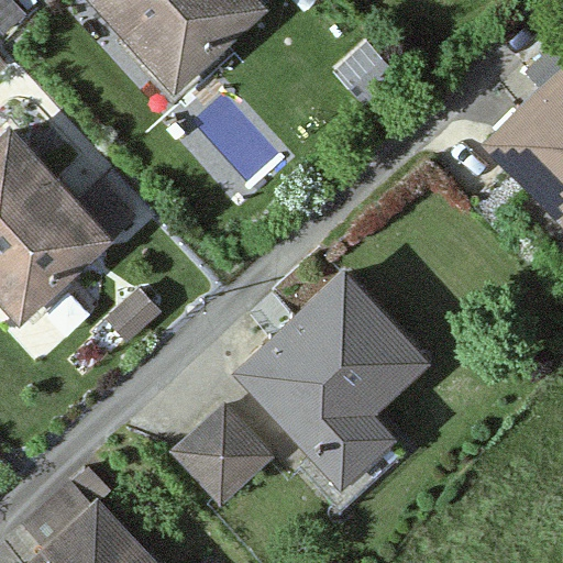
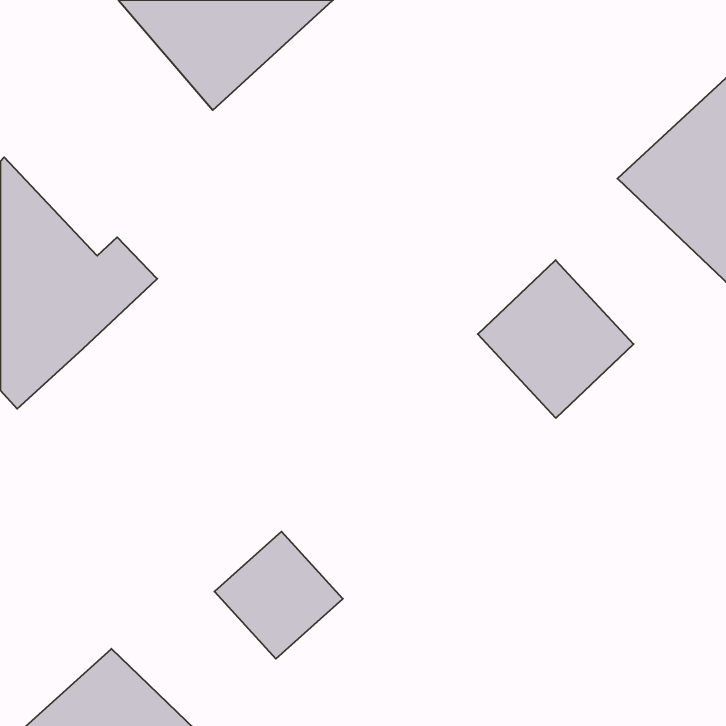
building: none -> [478,260,634,418]
building: [234,264,428,484] -> none

